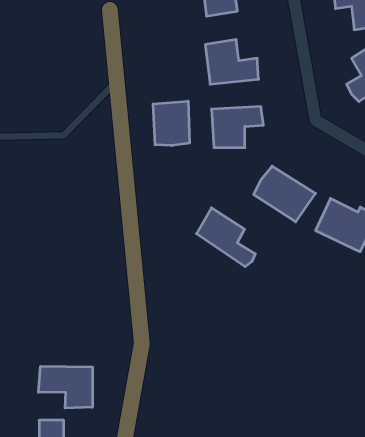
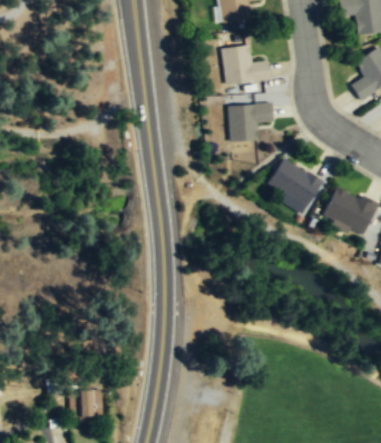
building: [153,101,190,146] -> none
building: [196,208,255,267] -> none
building: [38,366,92,408] -> none

